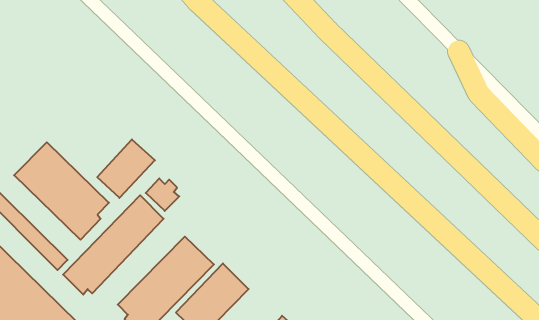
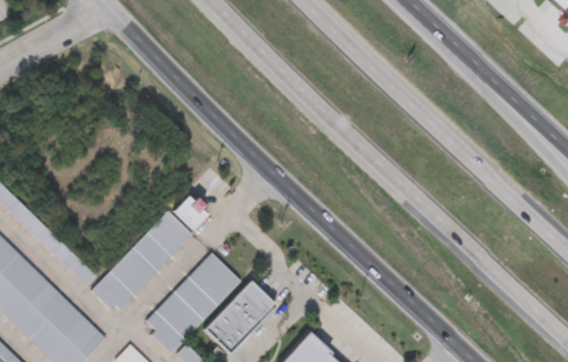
building: [97,139,155,198] -> none
building: [14,142,109,240] -> none

